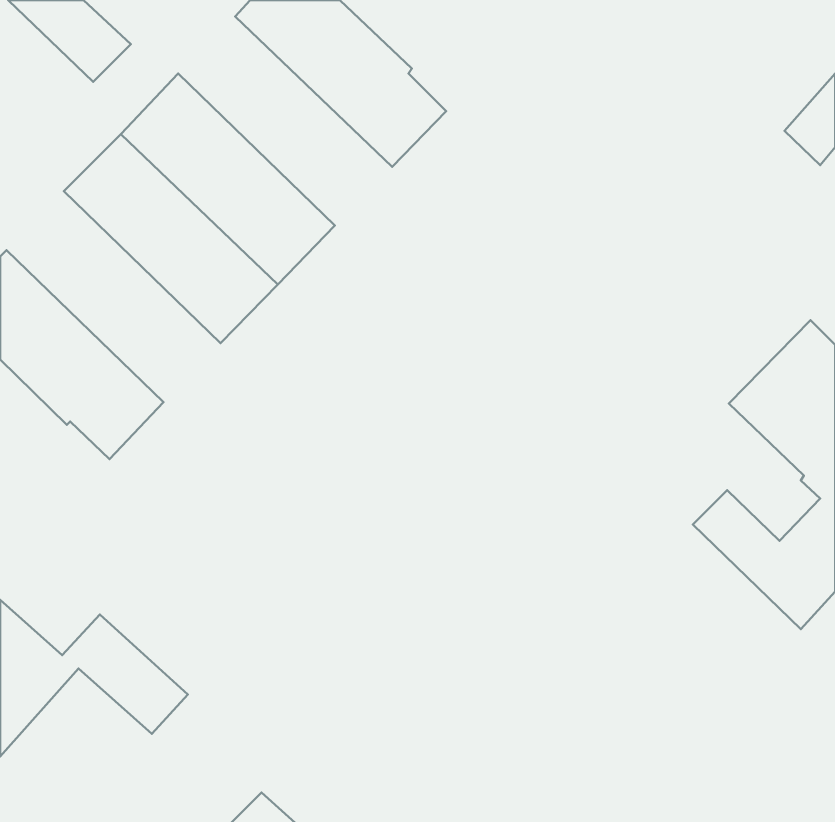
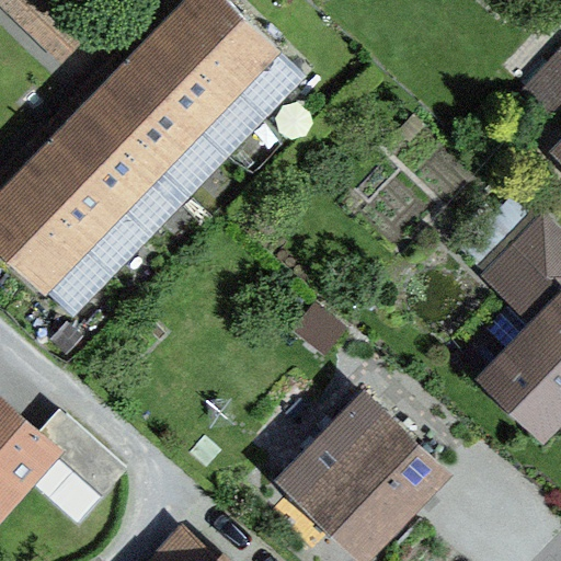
building: none -> [119,20,263,160]
building: none -> [4,137,148,278]
building: none -> [283,400,442,554]

